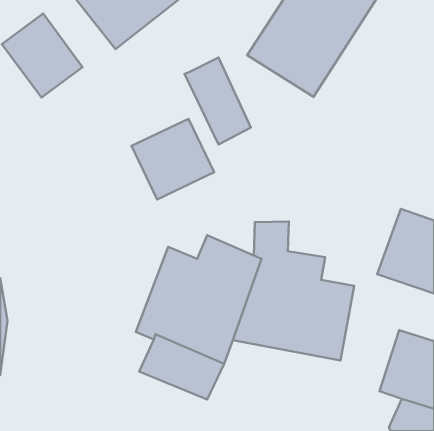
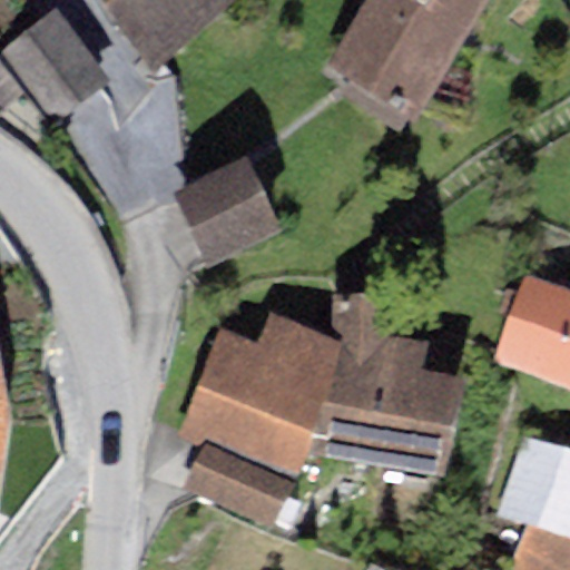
building: [184,58,251,145] -> none

